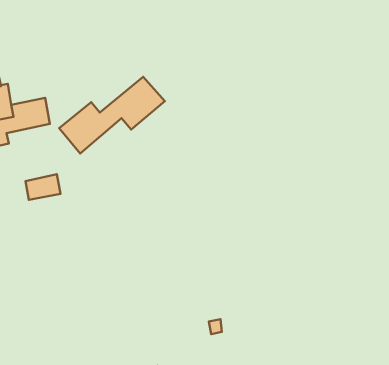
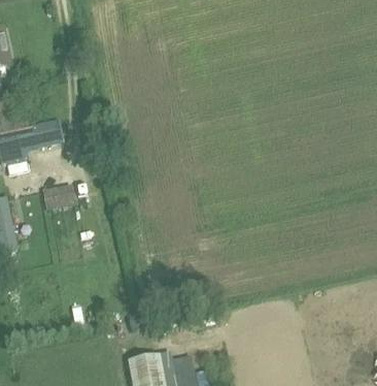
building: [59,77,165,154] -> none

